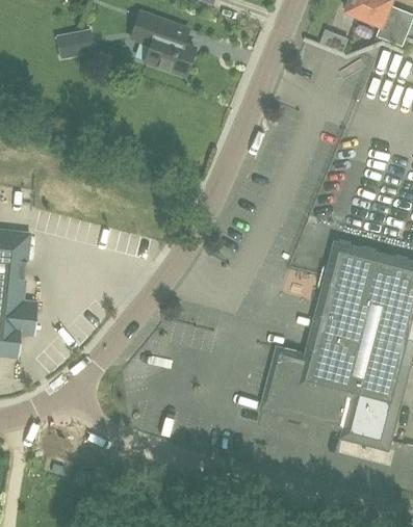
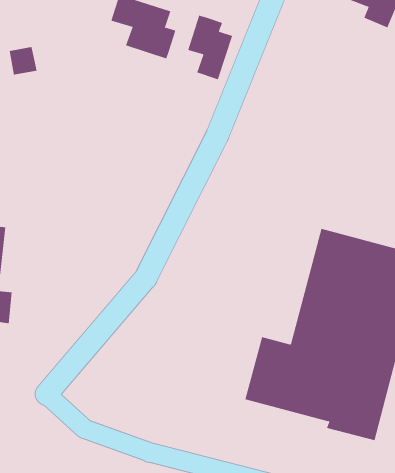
building: [55,29,83,57] -> [9,47,37,75]
building: none -> [188,15,233,80]

